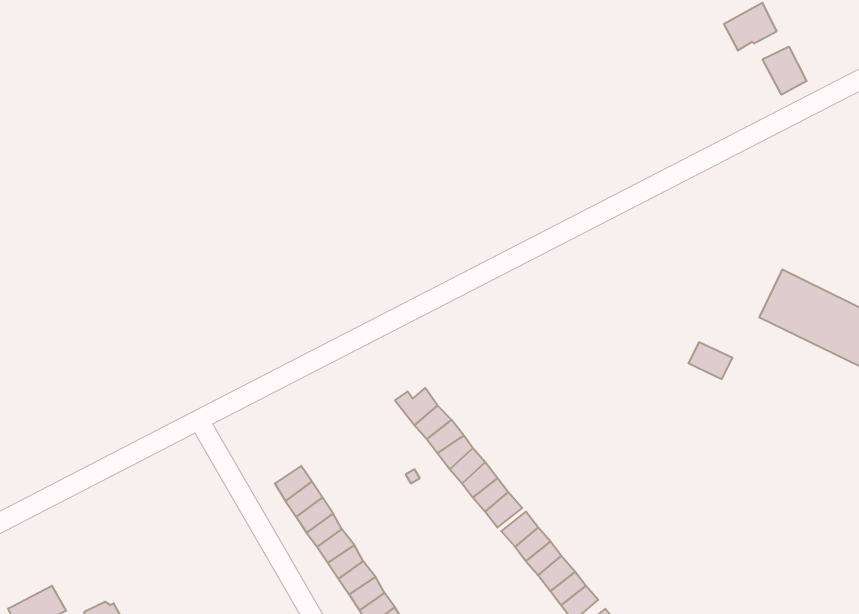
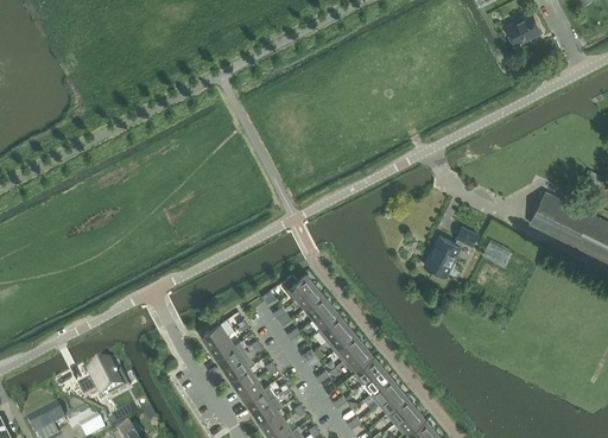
building: [763,47,807,95] -> none
building: none -> [422,226,475,275]
building: none -> [74,363,125,399]

